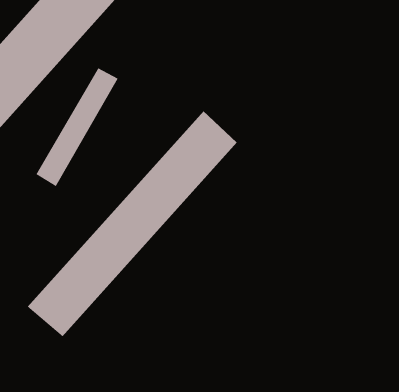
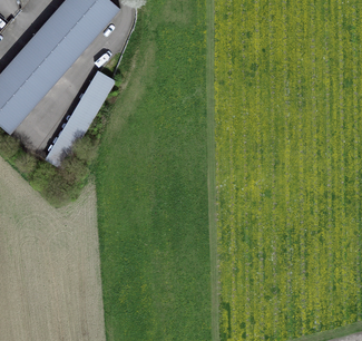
building: [27,110,237,337] -> none

